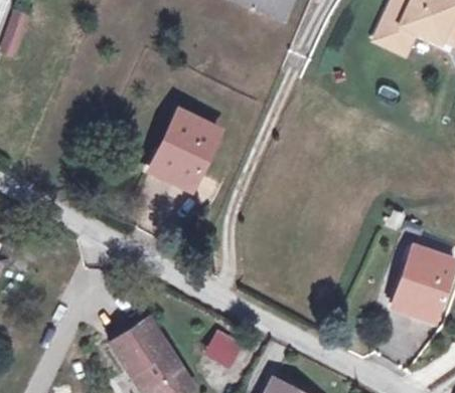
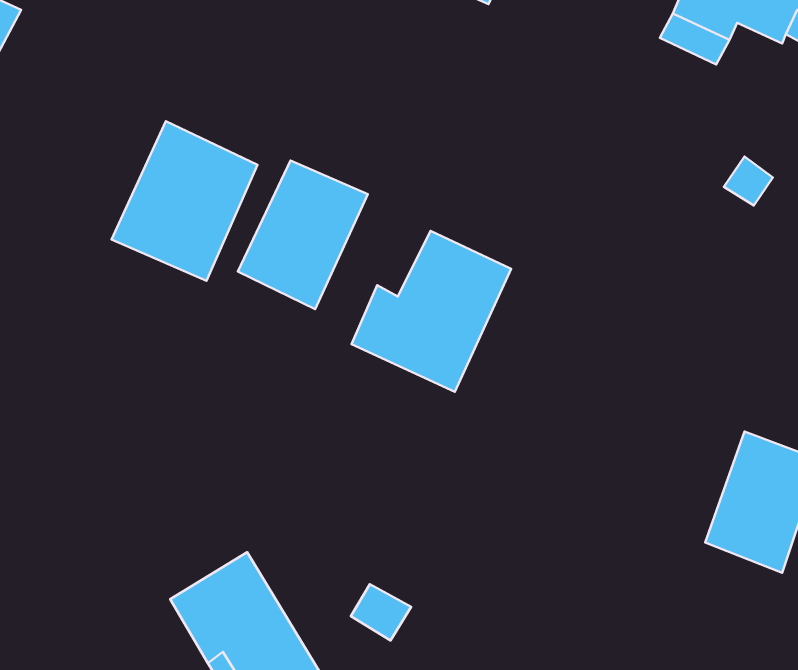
building: none -> [111,121,258,281]
building: none -> [352,231,511,392]

